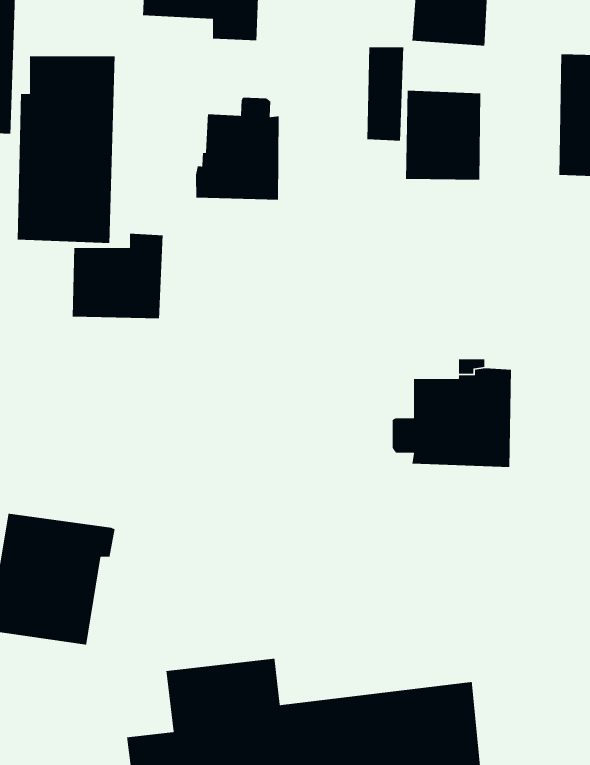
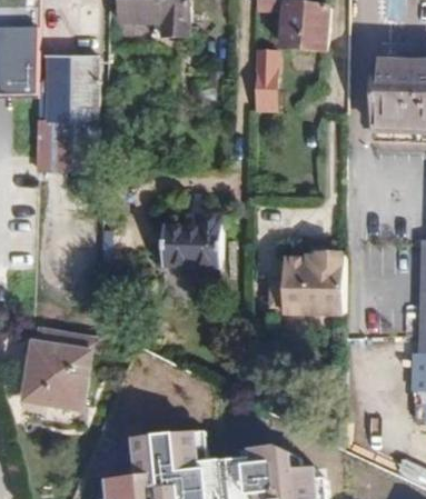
building: [405,90,481,180] -> none
building: [195,97,280,200] -> none
building: [72,233,163,319] -> [165,216,221,269]

